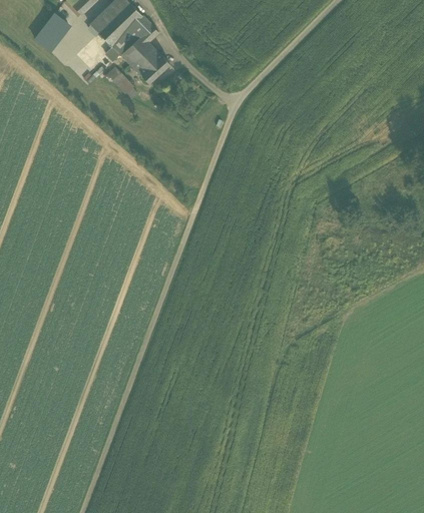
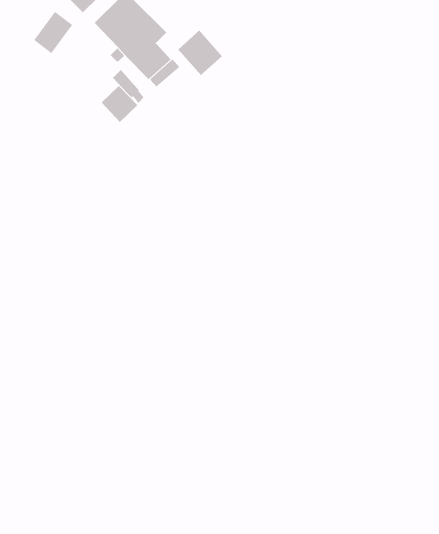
building: none -> [177,30,223,76]
building: none -> [101,85,138,123]

